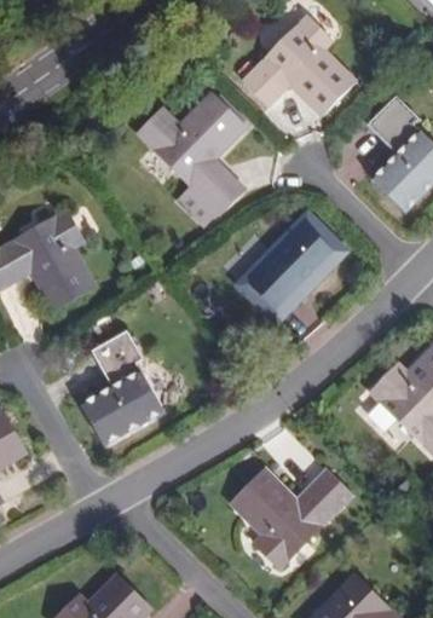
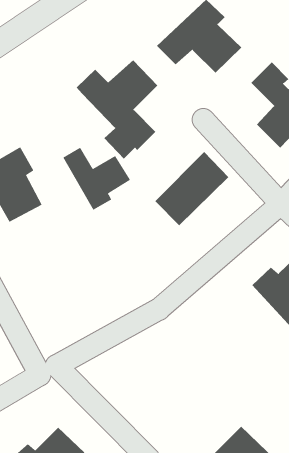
building: none -> [63,147,131,211]
building: [82,328,161,441] -> none
building: [229,467,350,566] -> none

